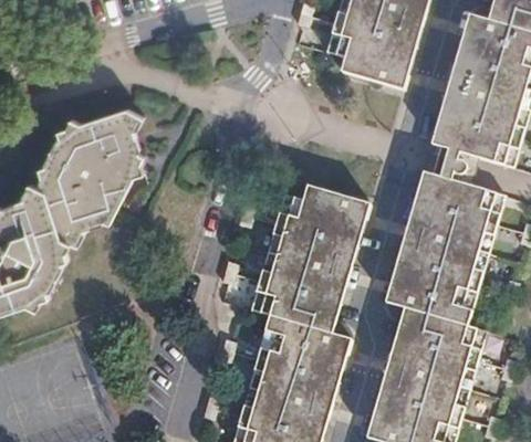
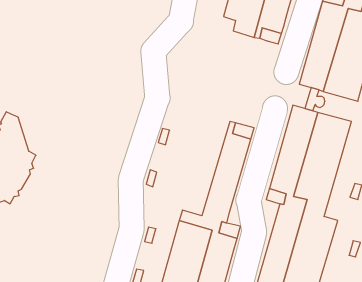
building: [35,106,143,243] -> none
building: [252,185,336,323] -> none

